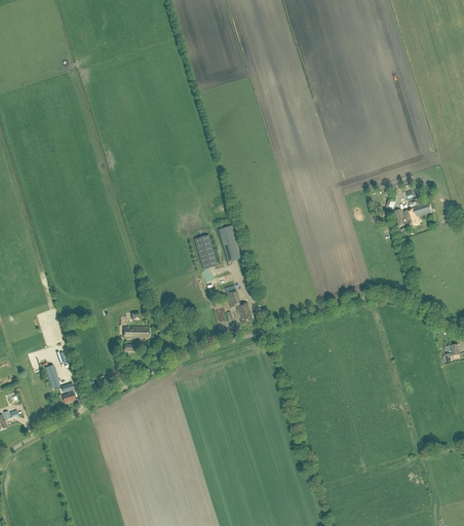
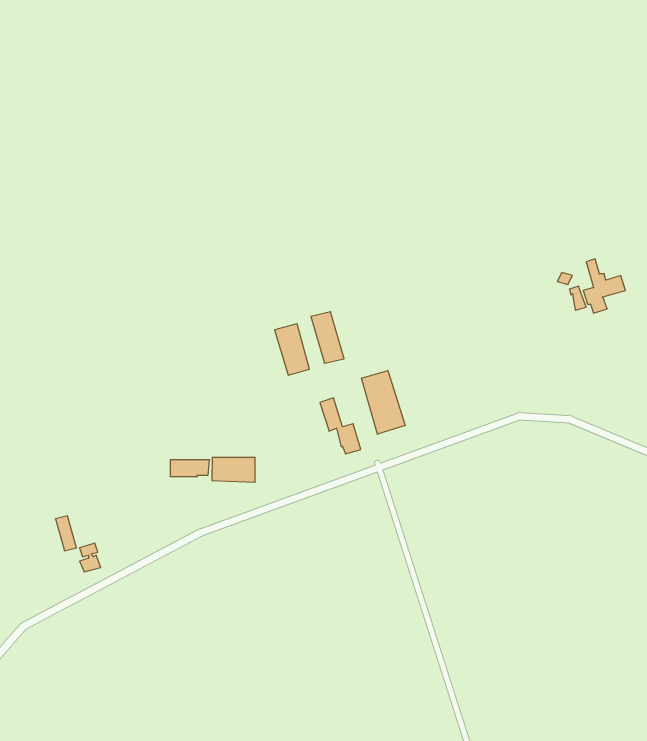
building: none -> [362,370,405,434]
building: none -> [212,457,255,482]

